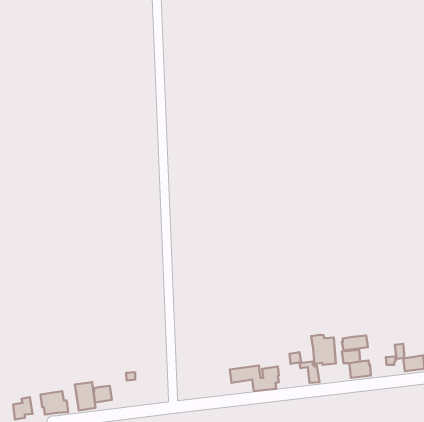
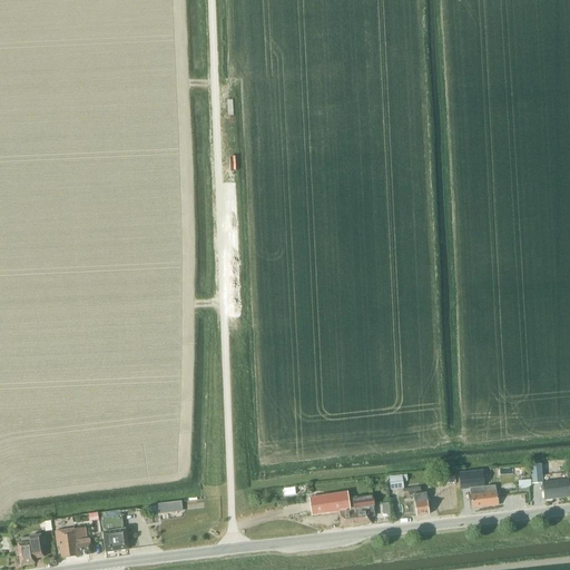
building: [311,335,336,365] -> none
building: [342,335,368,350] -> none
building: [93,386,112,402] -> none

